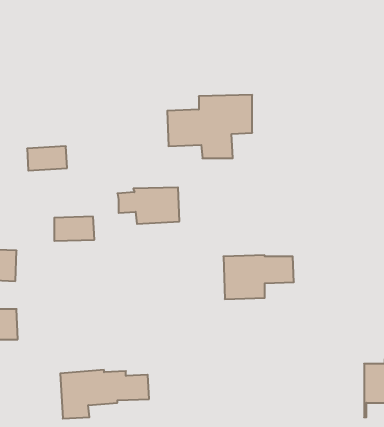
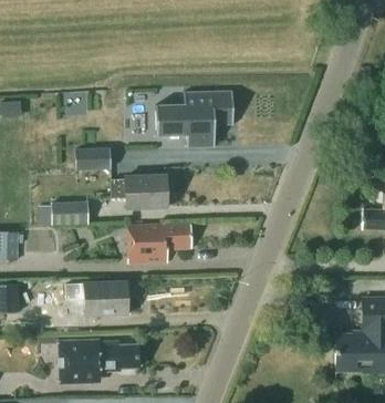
building: [27,146,67,171] -> [75,147,112,169]
building: [223,255,294,299] -> [128,223,192,262]
building: none -> [67,280,128,316]

